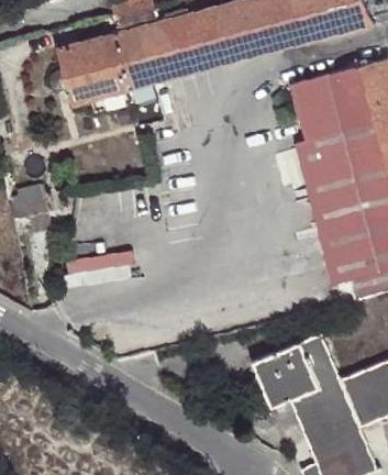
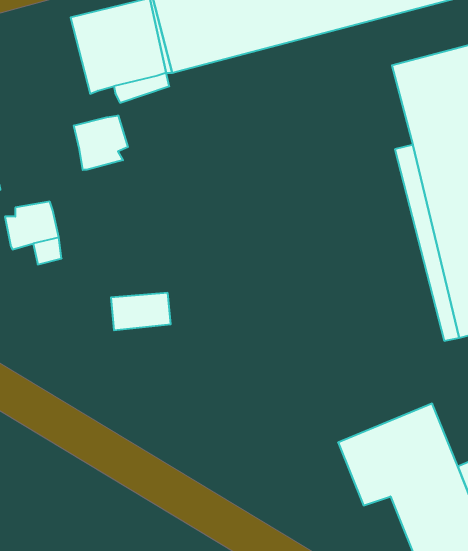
building: none -> [74,115,128,170]

